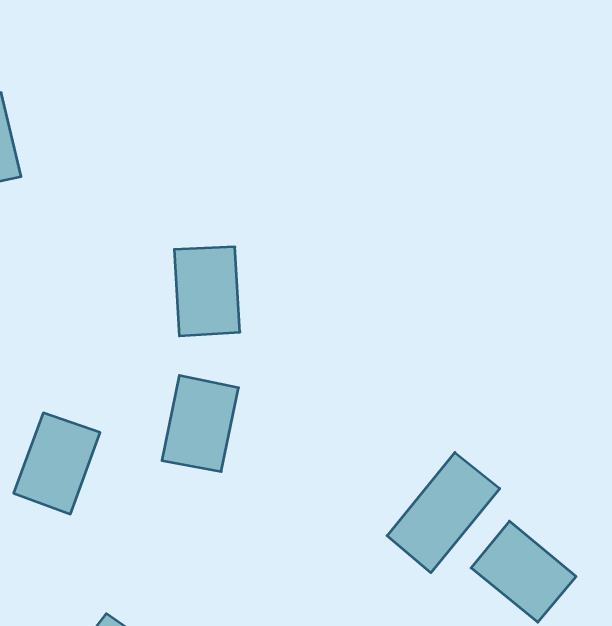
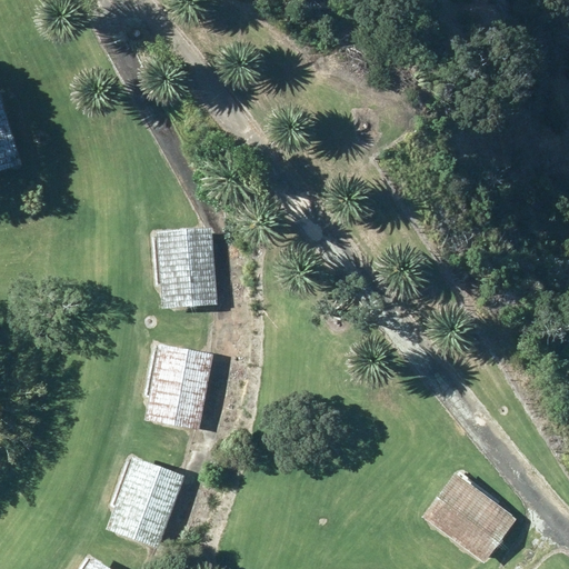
building: [14,413,100,514] -> [104,456,182,547]
building: [387,452,500,573] -> none

